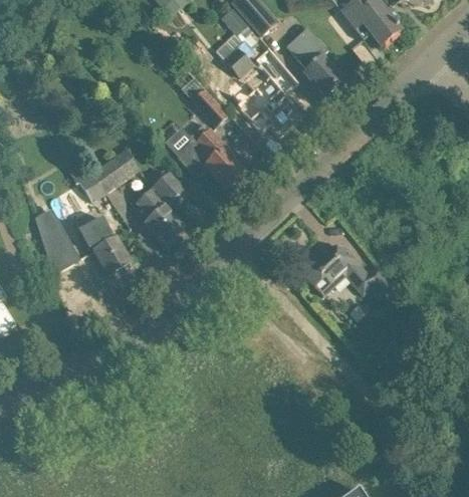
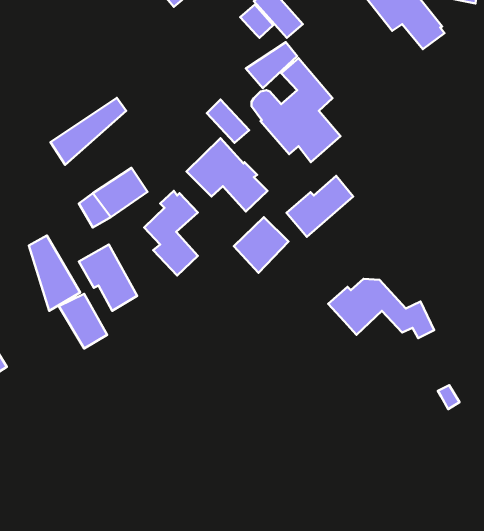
building: [285,27,343,94] -> none
building: none -> [50,98,126,165]
building: none -> [287,176,353,237]
building: none -> [234,217,288,273]
building: none -> [59,294,107,348]

